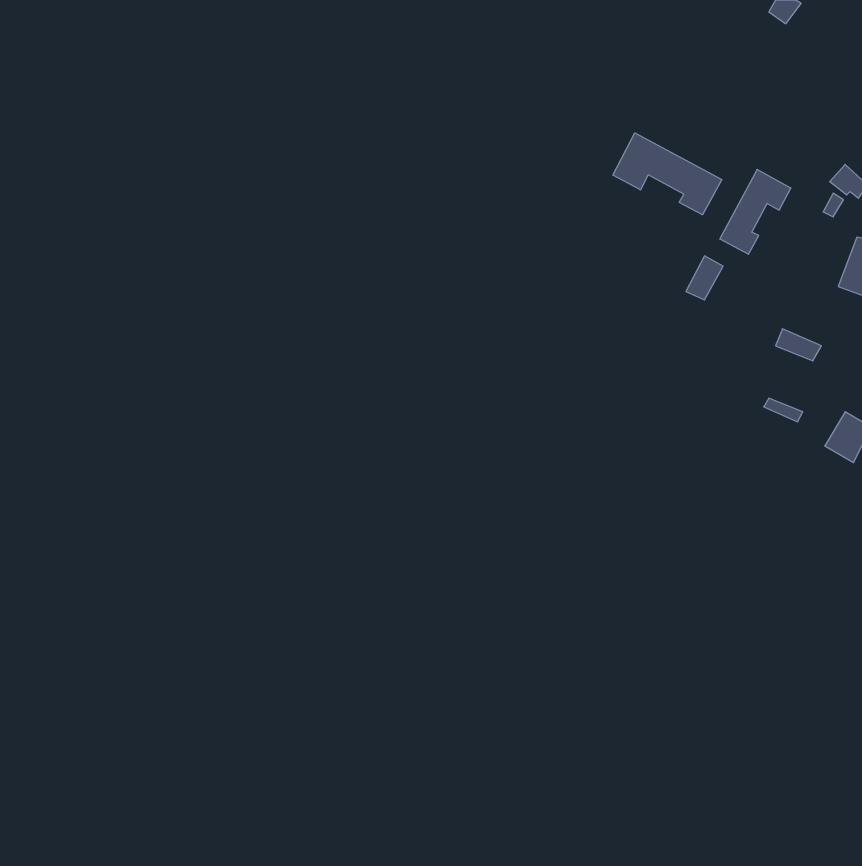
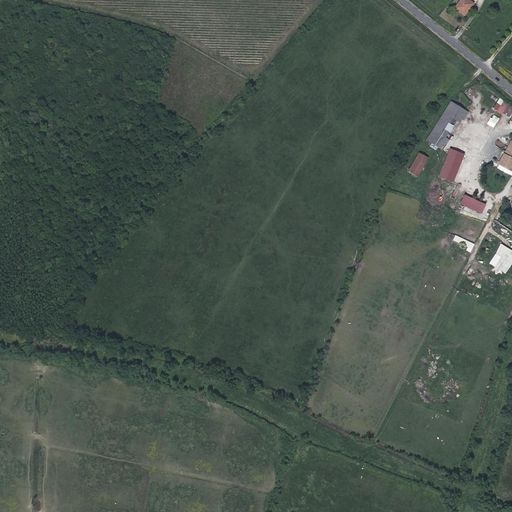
building: [613,133,722,215] -> none
building: none -> [439,148,465,182]

